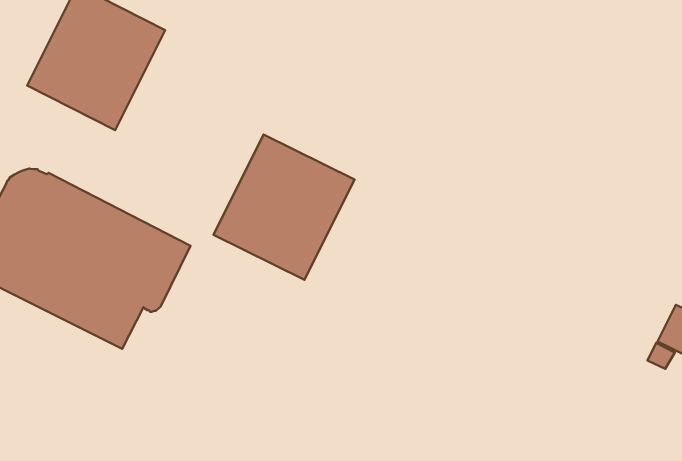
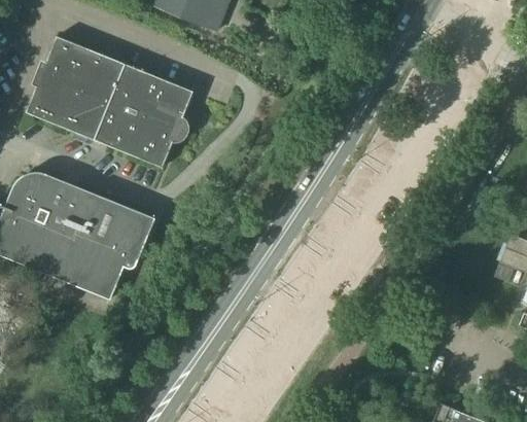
building: [214,135,354,280] -> [93,63,192,167]

